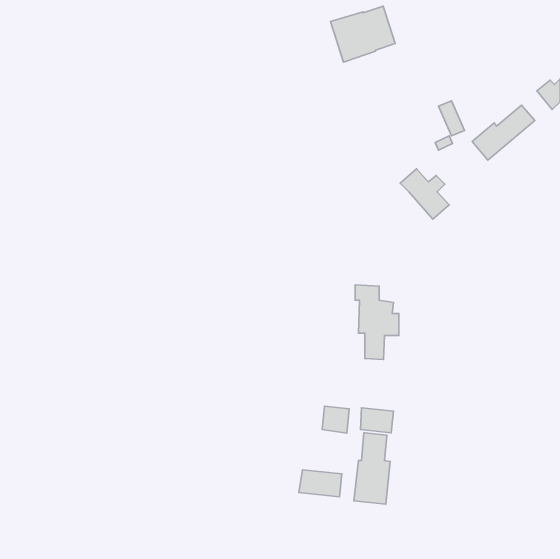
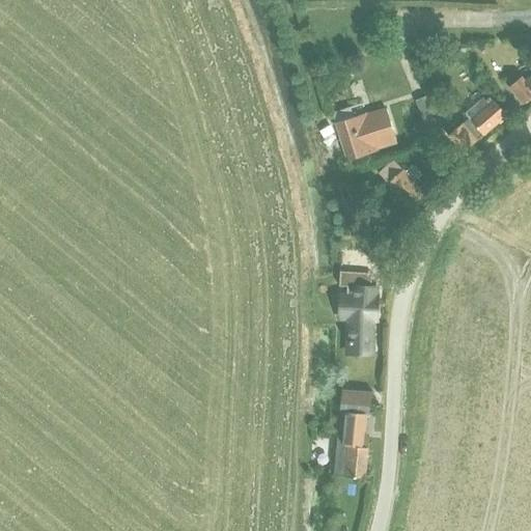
building: [330,6,395,62] -> [335,107,396,160]
building: [322,406,349,433] -> none
building: [299,470,342,497] -> none

